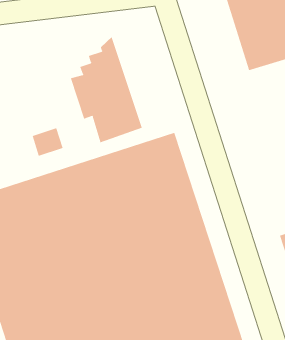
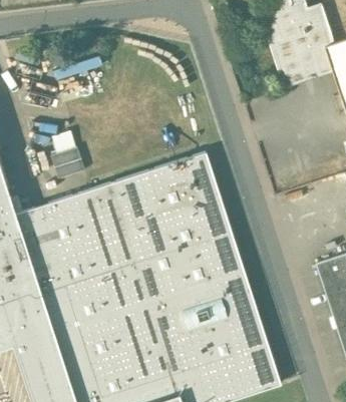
building: [70,36,142,143] -> none

